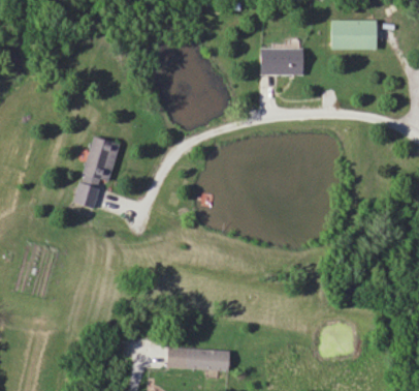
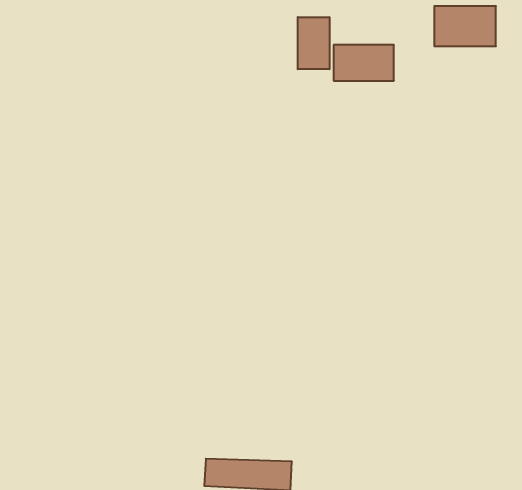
building: none -> [298,17,329,69]
building: [74,137,120,209] -> none

